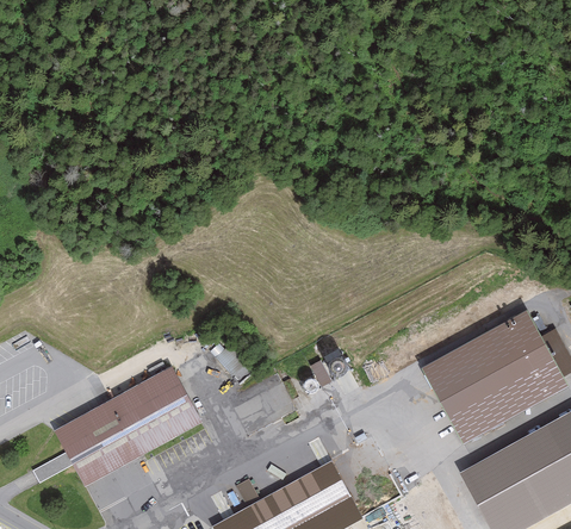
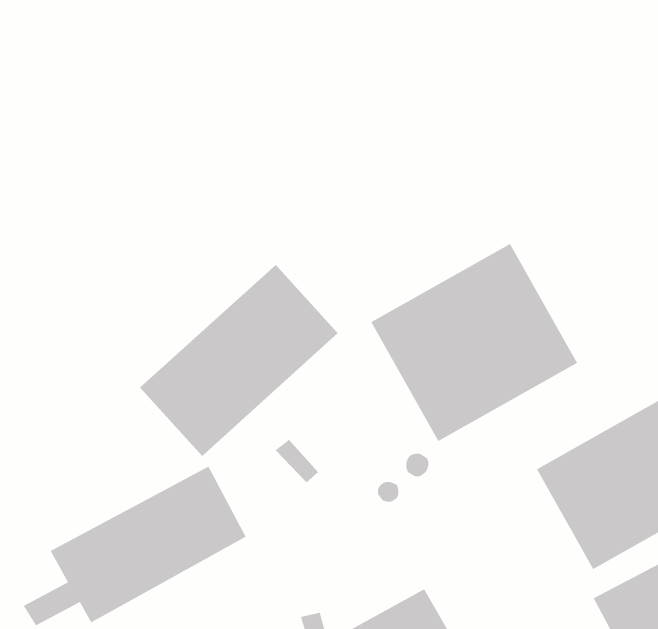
building: none -> [370,243,578,442]
building: none -> [139,264,339,457]

